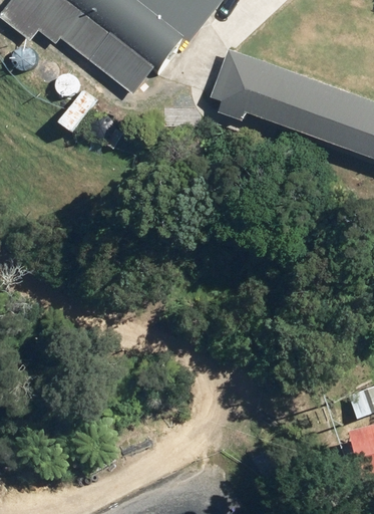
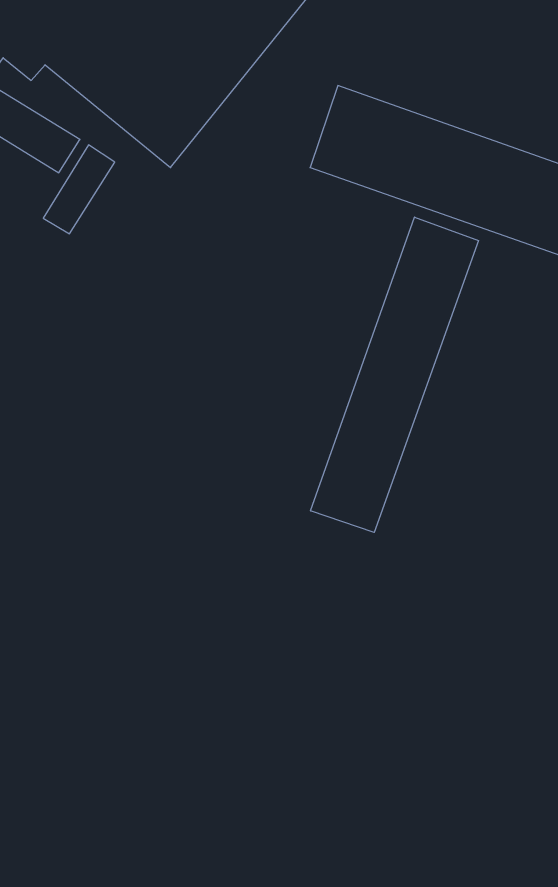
building: none -> [311,217,479,532]

